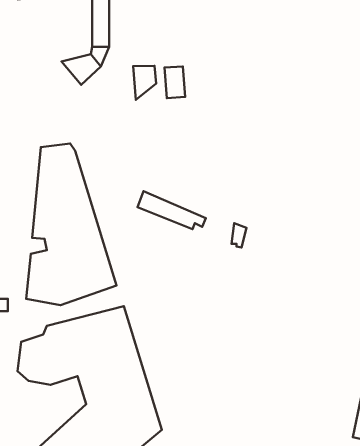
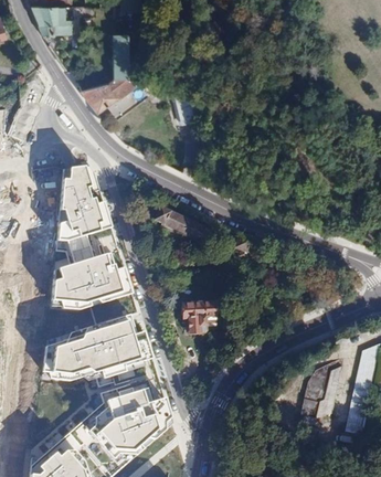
building: [133,66,156,100] -> none
building: none -> [179,300,213,330]
building: none -> [300,359,341,416]

